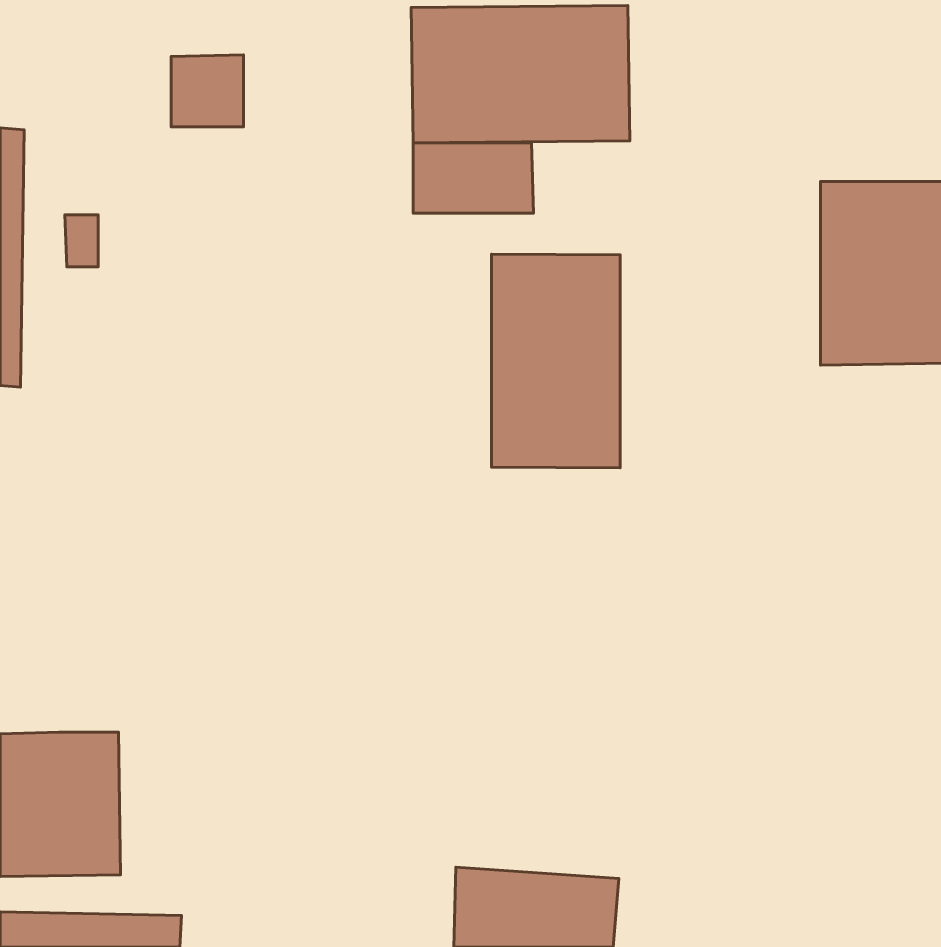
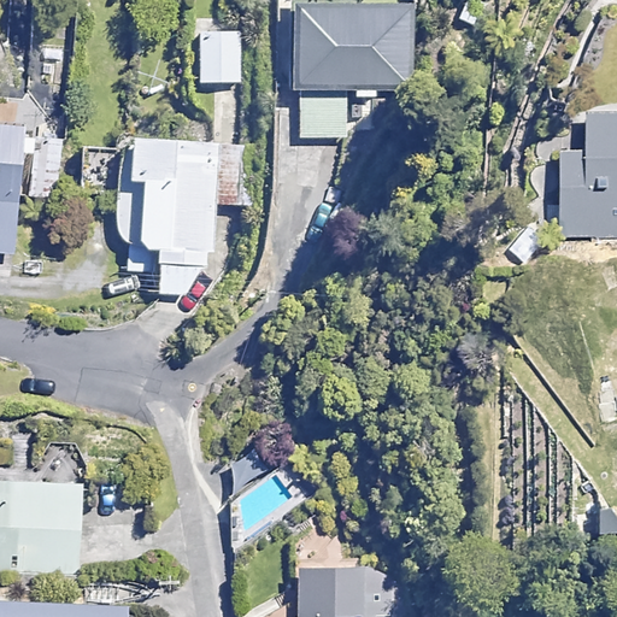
building: [171,55,243,127] -> [196,30,243,77]
building: none -> [119,136,215,300]
building: [492,254,620,468] -> none

